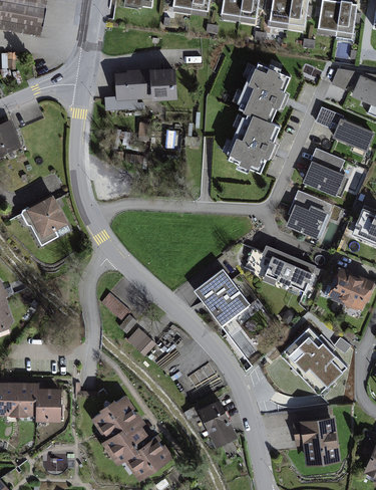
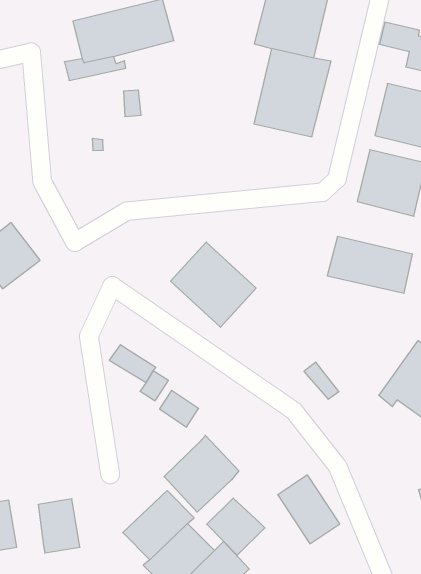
building: [195,268,251,326] -> [171,242,256,327]
building: none -> [164,435,239,512]
building: [19,384,39,418] -> none
building: none -> [207,498,265,555]

